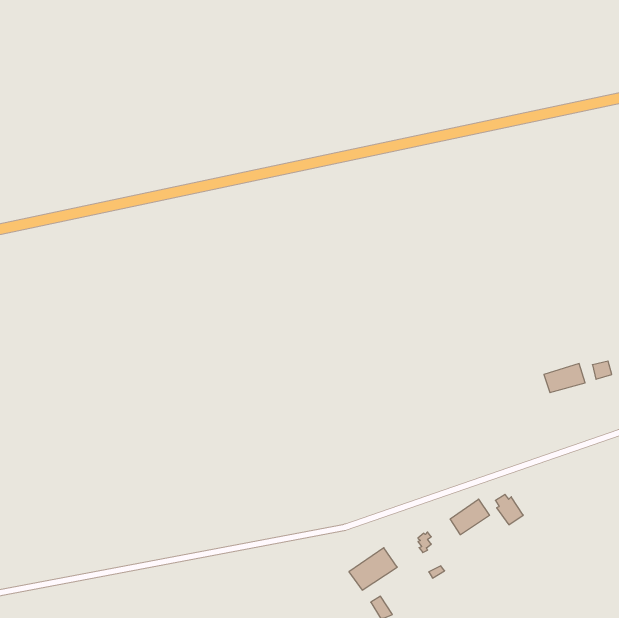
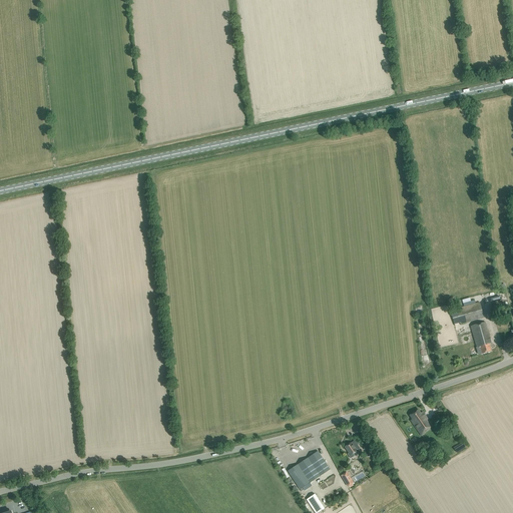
building: none -> [471,321,491,354]
building: [450,499,489,535] -> none

